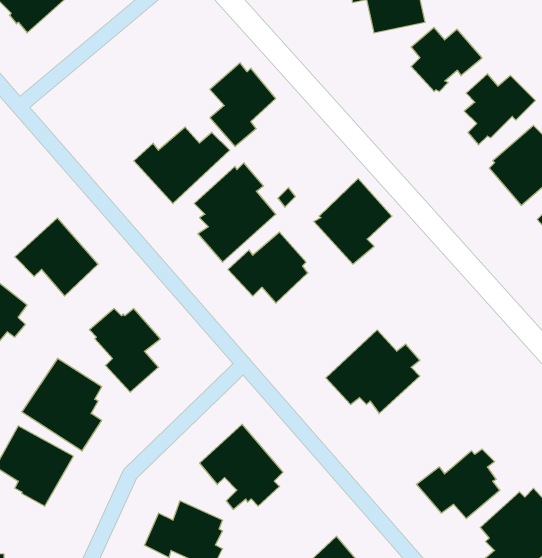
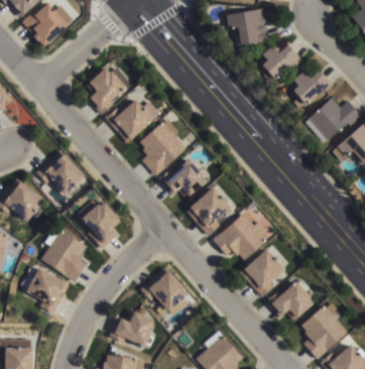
building: [210,63,276,146] -> [86,67,123,114]
building: [314,179,392,264] -> [185,187,229,235]
building: none -> [239,249,283,296]

